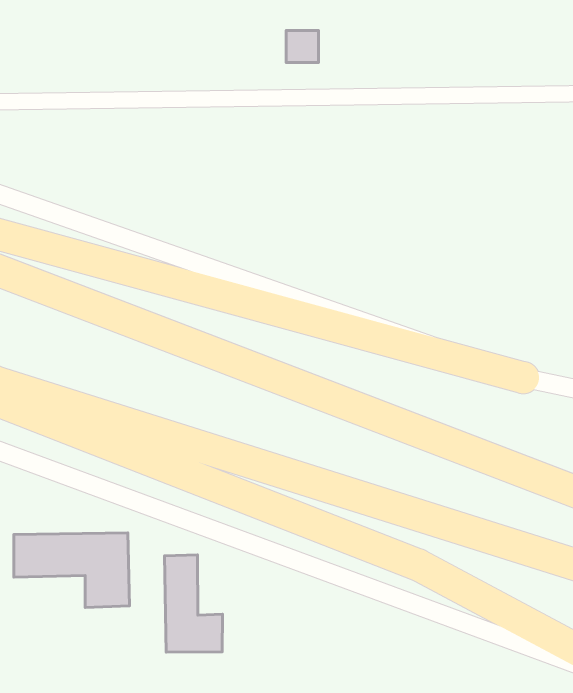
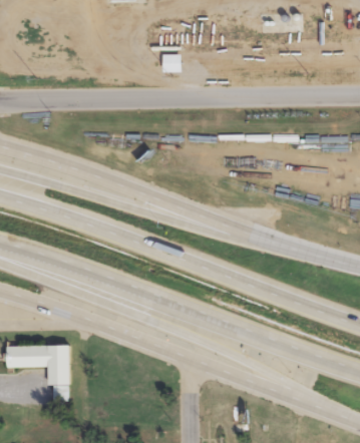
building: [165,555,223,652] -> none

